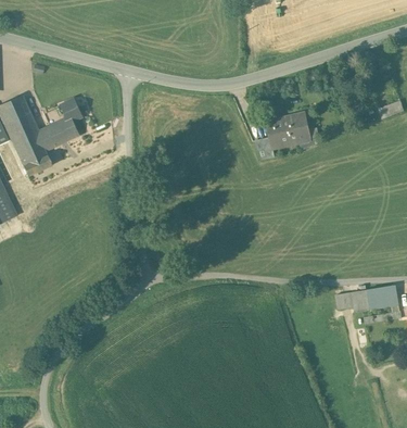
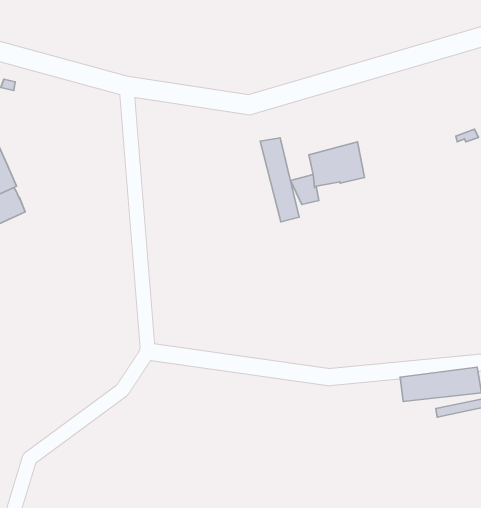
building: [38,99,81,151] -> none
building: none -> [260,138,299,222]

